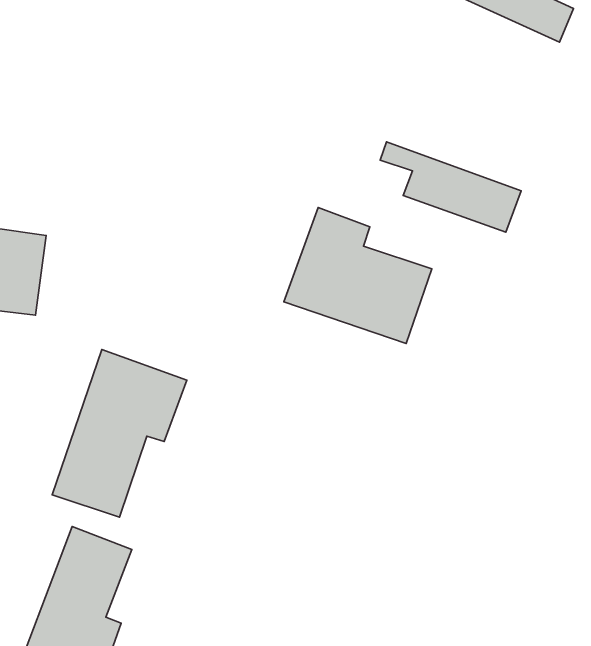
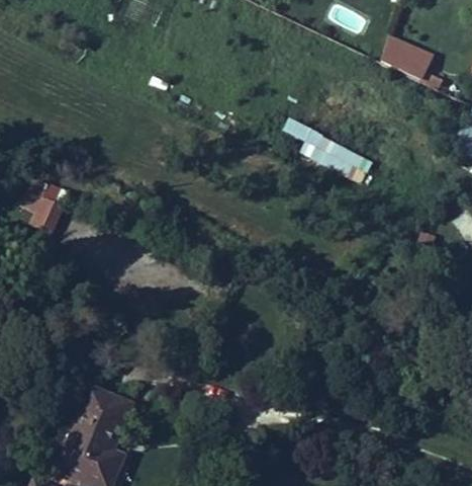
building: [284,207,432,343] -> none
building: [52,350,187,517] -> none

